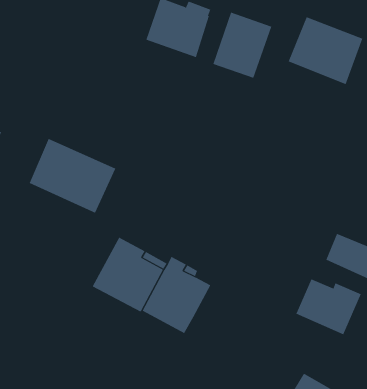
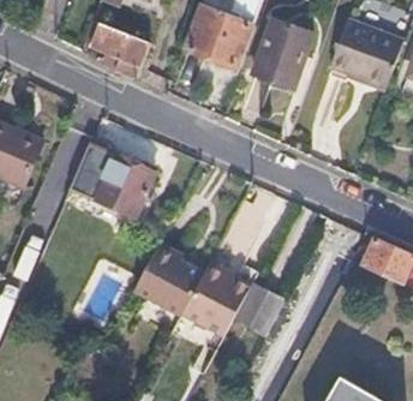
building: none -> [90,22,149,78]
building: none -> [233,283,285,339]
building: [296,279,362,335] -> none

